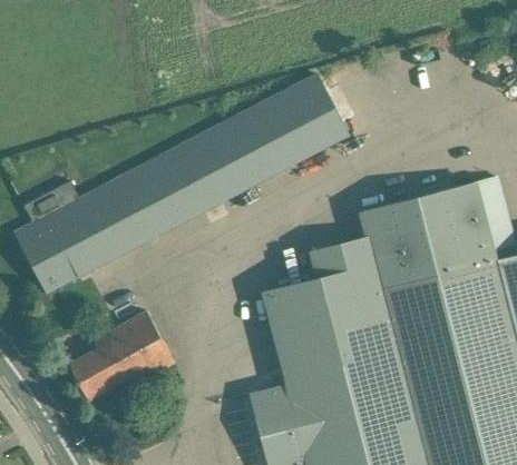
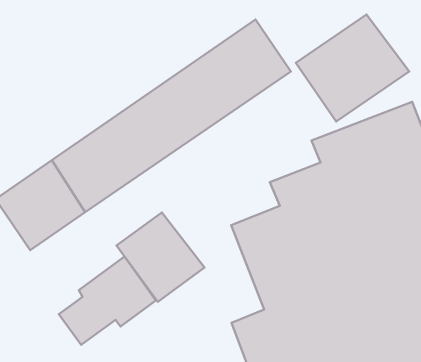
building: none -> [296,14,409,122]
building: none -> [117,212,205,302]

